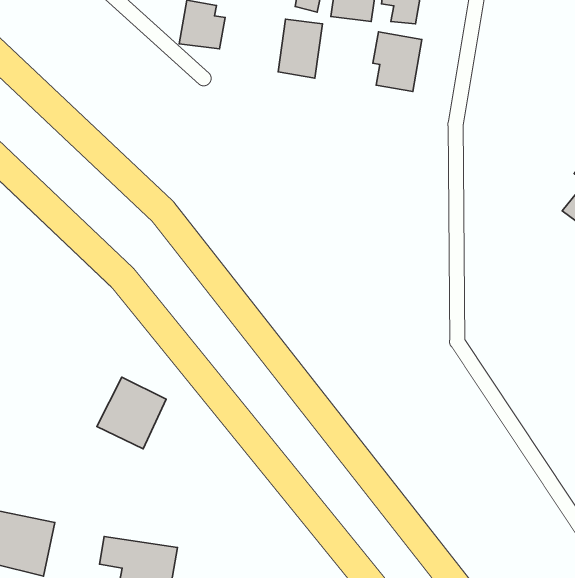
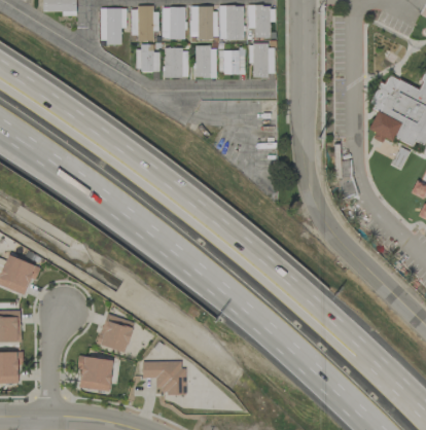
building: none -> [163,47,187,77]
building: none -> [217,48,244,74]
building: [97,377,166,449] -> [96,313,133,352]

